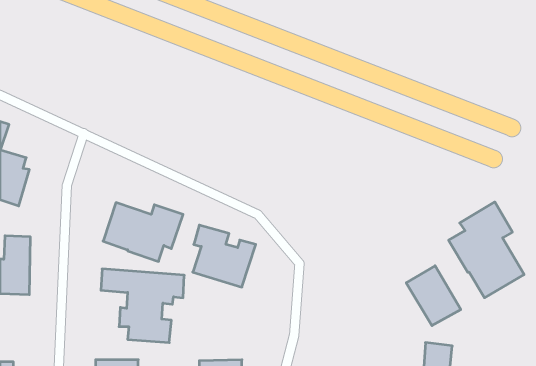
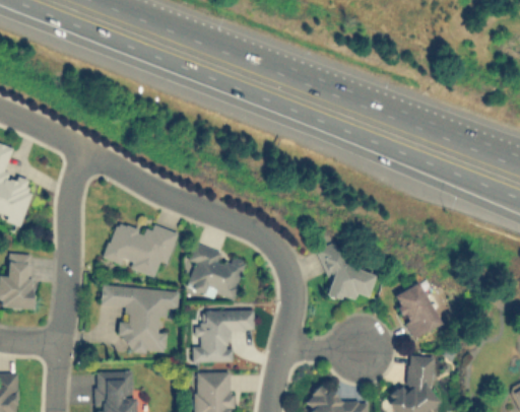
building: [449,202,524,298] -> none
building: none -> [318,246,376,303]
building: none -> [193,311,255,363]

